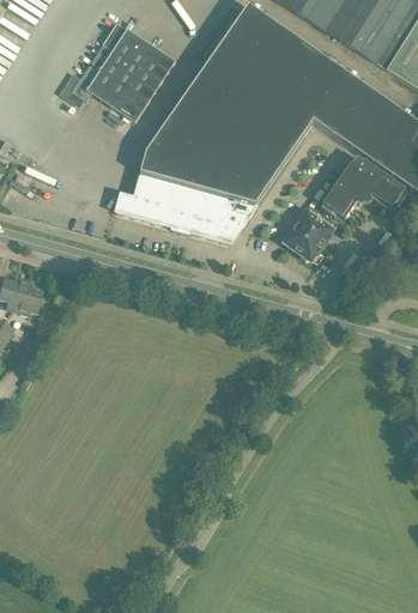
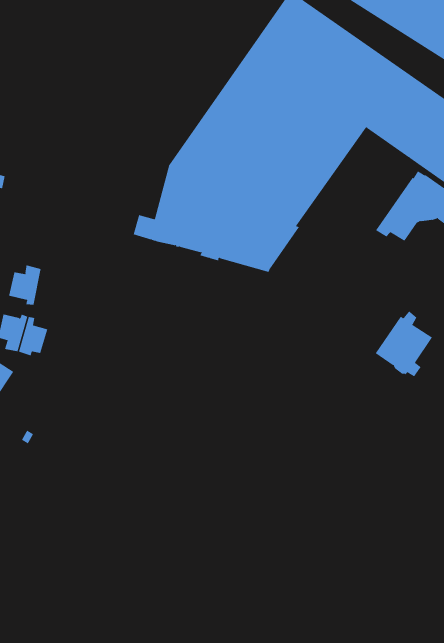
building: [72,22,175,121] -> none
building: [284,206,333,262] -> [375,311,433,377]
building: none -> [8,264,41,306]

